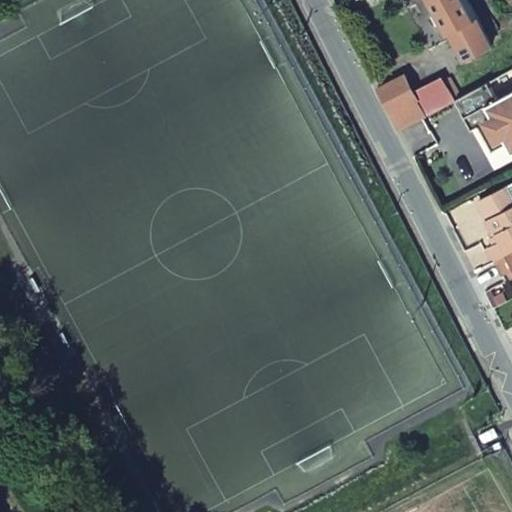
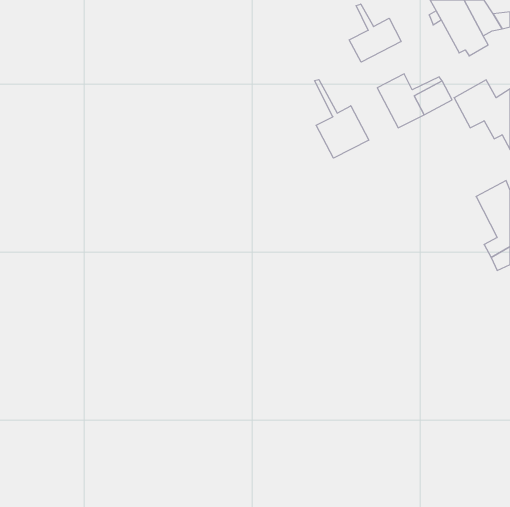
building: none -> [349,4,401,62]
building: none -> [315,80,369,158]

